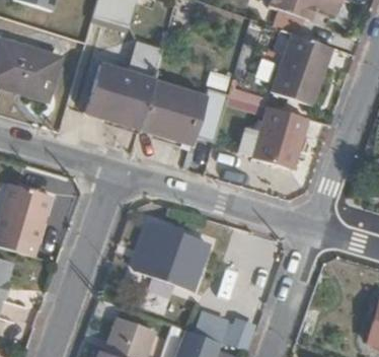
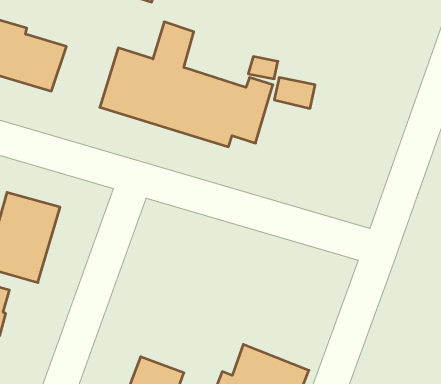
building: [271,32,330,105] -> none
building: [237,104,307,169] -> none
building: [133,226,205,293] -> none

